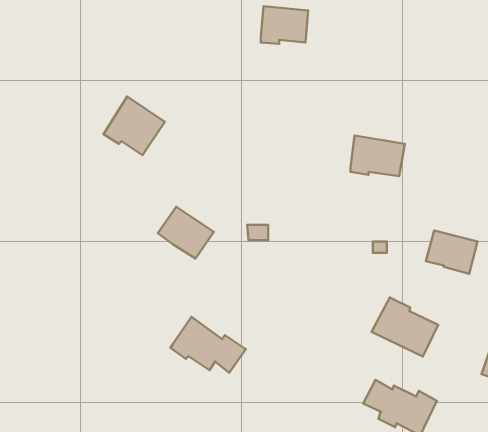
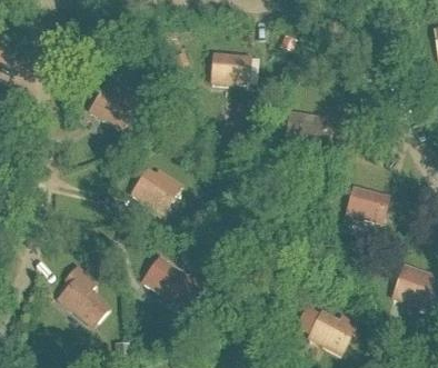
building: [261,6,308,44] -> [211,54,249,84]
building: [371,297,438,356] -> none
building: none -> [58,267,108,326]

